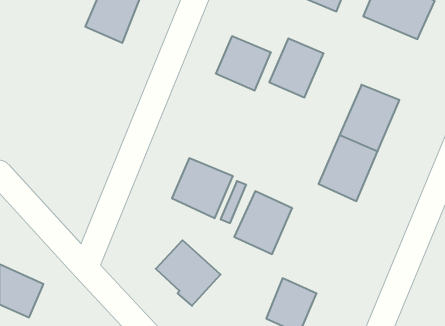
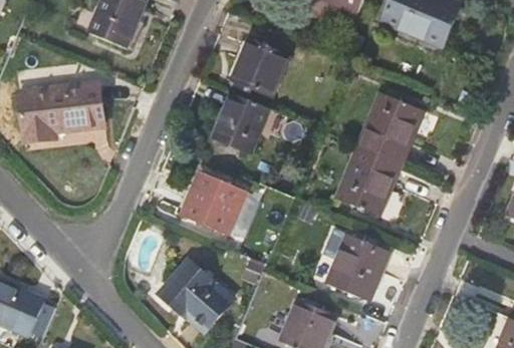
building: [269,38,324,97] -> [209,91,266,153]
building: none -> [23,80,107,140]
building: [234,191,292,254] -> [327,230,389,296]

